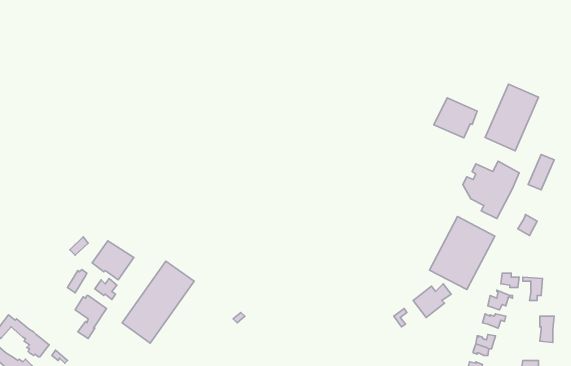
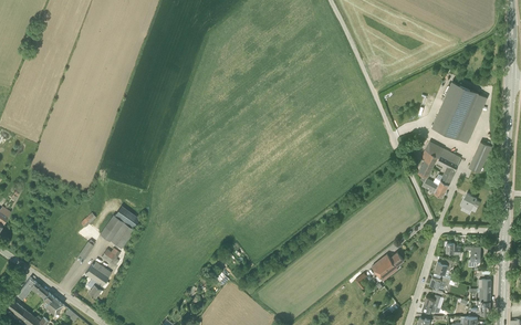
building: [434,98,477,138] -> none
building: [430,217,495,290] -> none
building: [122,261,194,343] -> none

